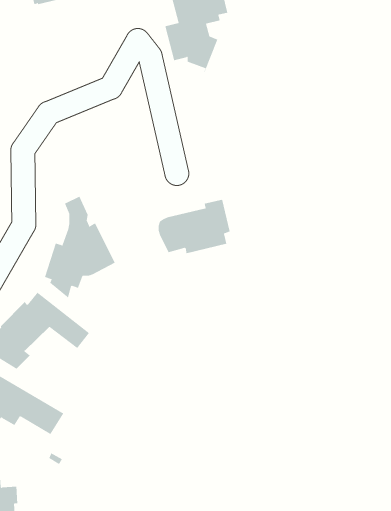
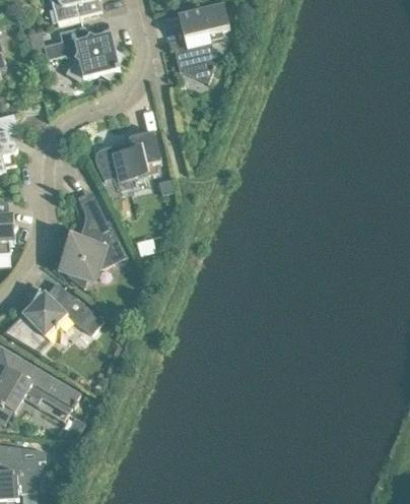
building: none -> [58,26,124,80]
building: [158,199,231,254] -> [94,131,160,181]

